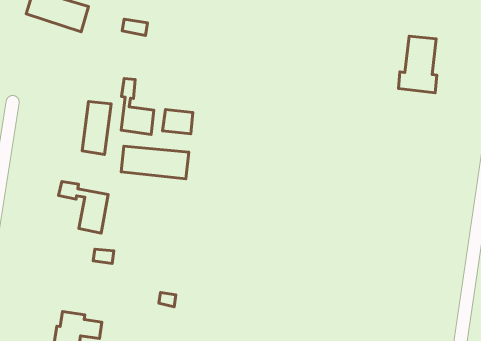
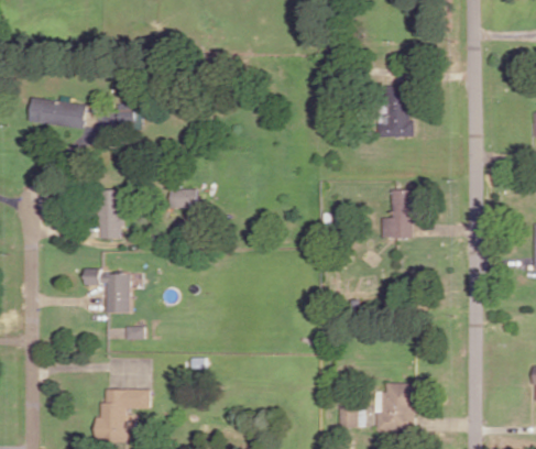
building: [121,79,154,135] -> none
building: [121,146,189,179] -> none
building: none -> [383,191,414,238]

